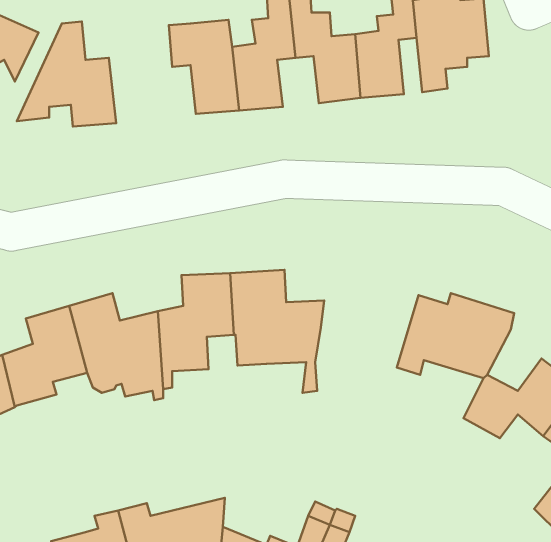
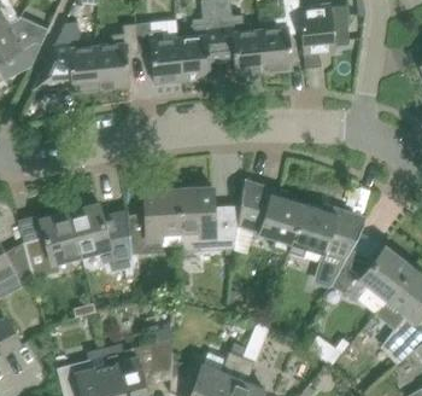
building: none -> [95,24,137,89]
building: none -> [236,179,301,252]

